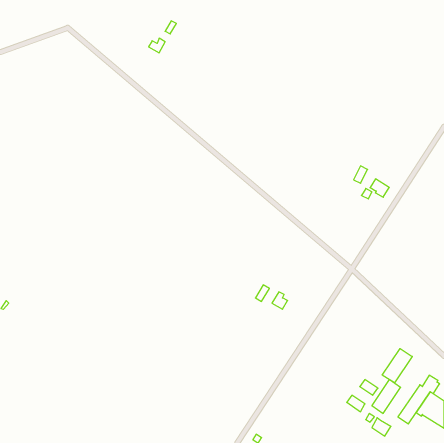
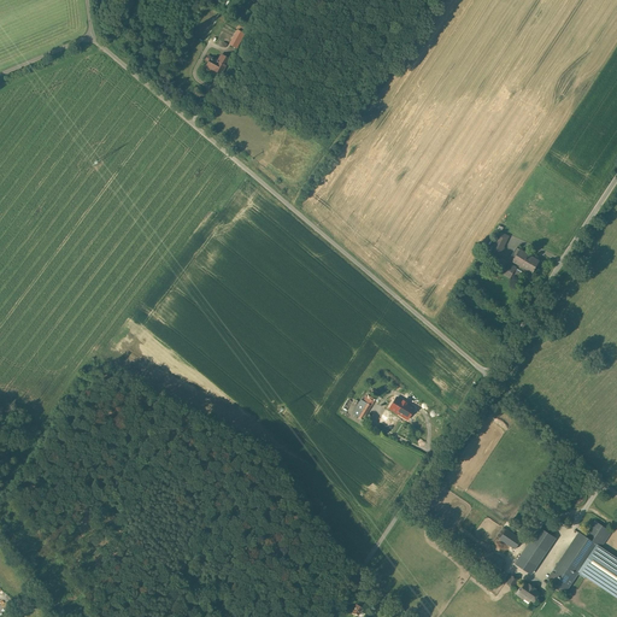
building: [382,349,412,383] -> none

